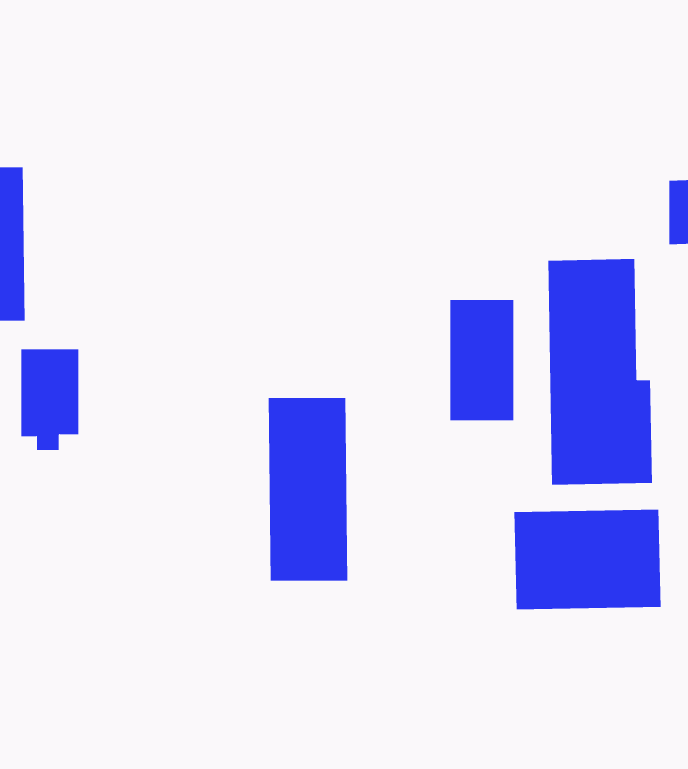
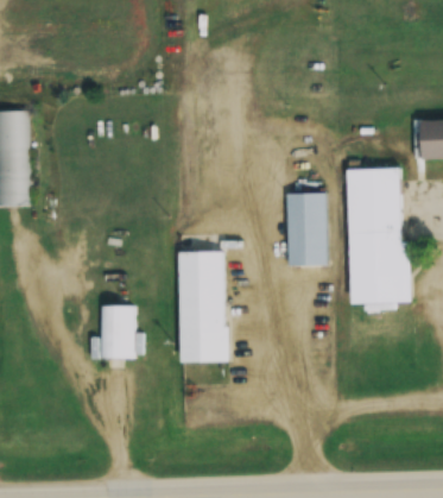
building: [21,349,79,450] -> [100,305,135,367]
building: [514,509,661,610] -> none

